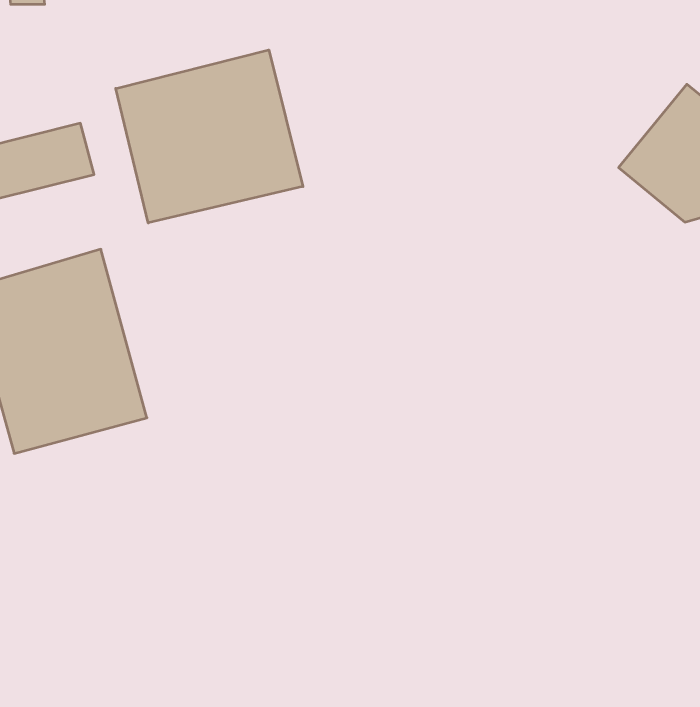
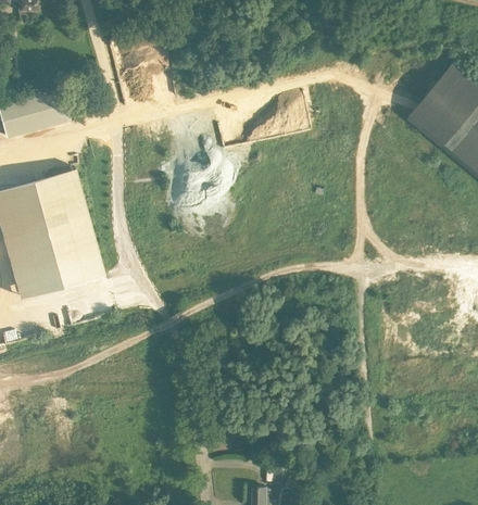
building: [116,50,303,223] -> none

